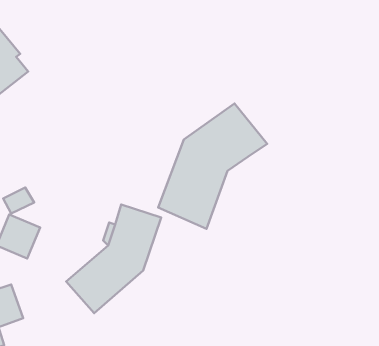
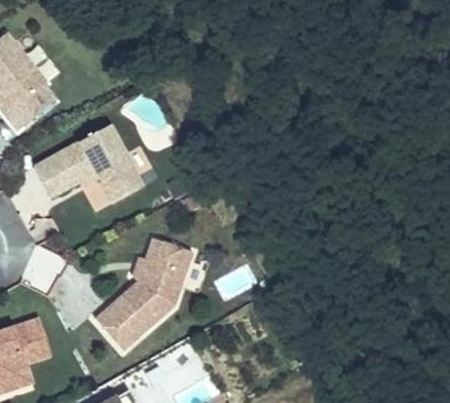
building: none -> [35,124,144,203]
building: [158,103,267,229] -> none

